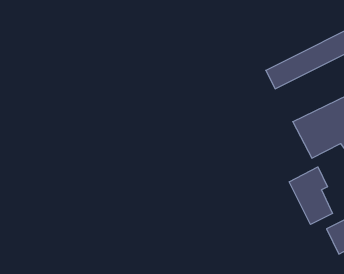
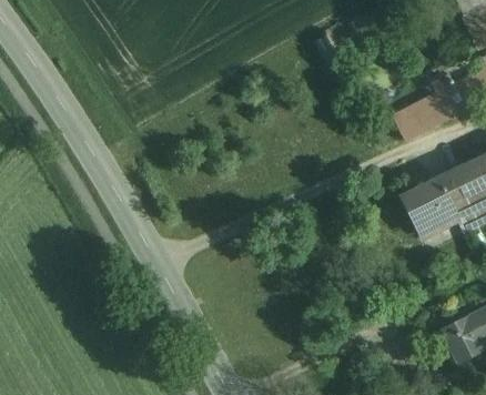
building: [289,167,333,224] -> none

